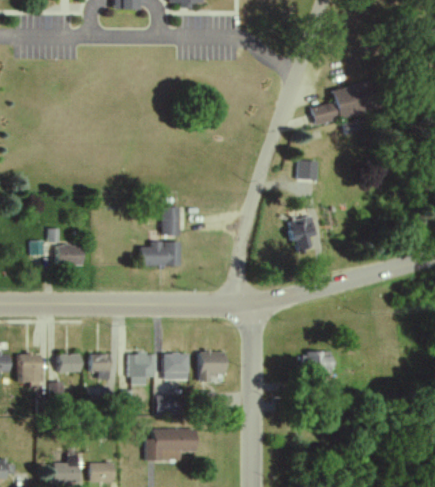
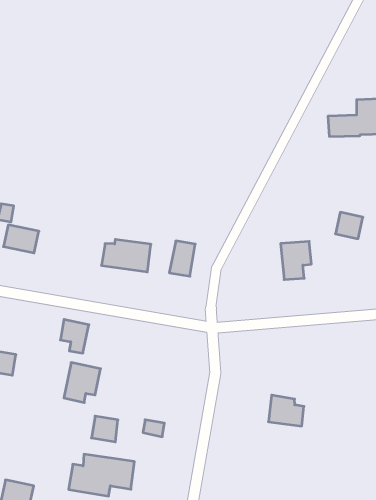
building: [298,160,319,180] -> [335,212,363,239]
building: [161,207,179,235] -> [169,241,195,276]
building: [198,351,226,382] -> none
building: [89,353,111,379] -> [60,319,89,353]
building: [163,353,188,380] -> none

